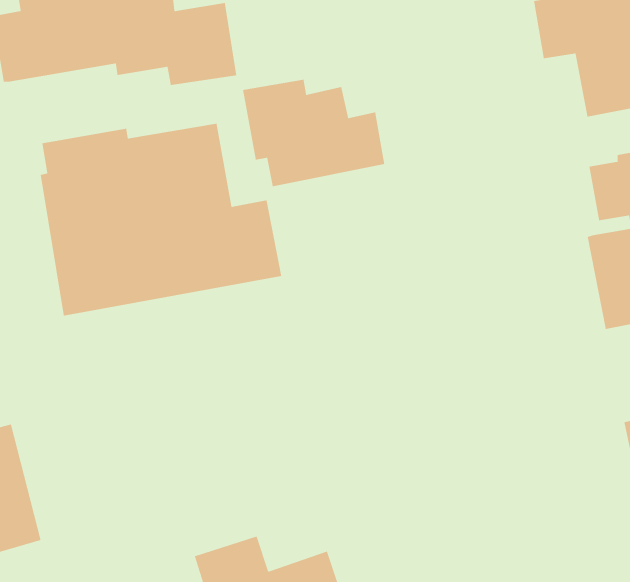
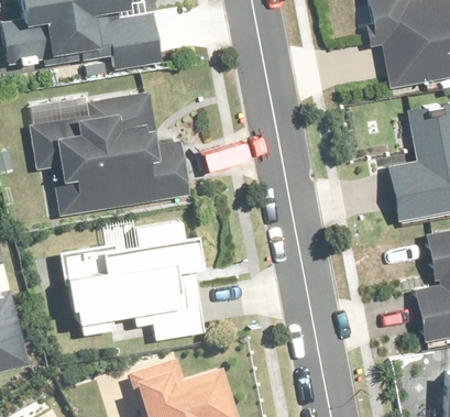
building: [242,79,385,187] -> none
building: none -> [66,226,205,340]

